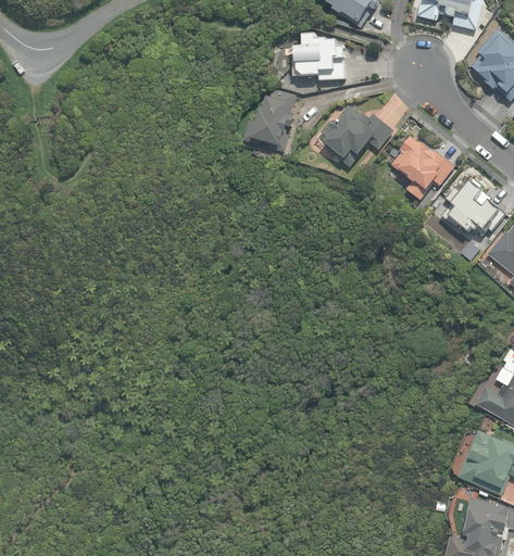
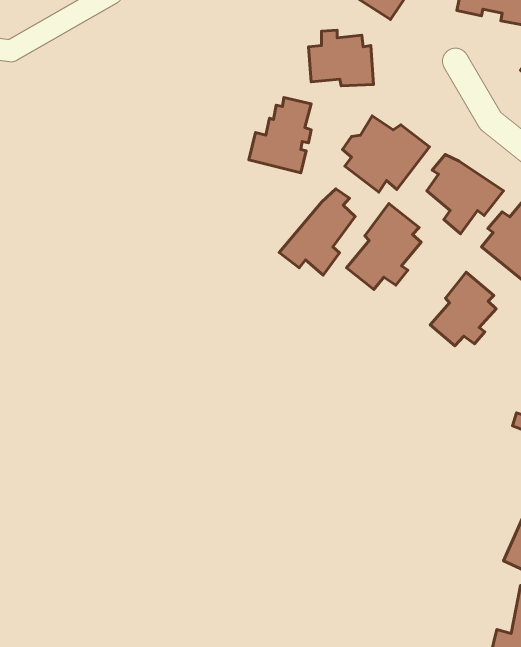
building: none -> [279,189,355,275]
building: none -> [347,204,421,290]
building: none -> [430,272,496,346]

